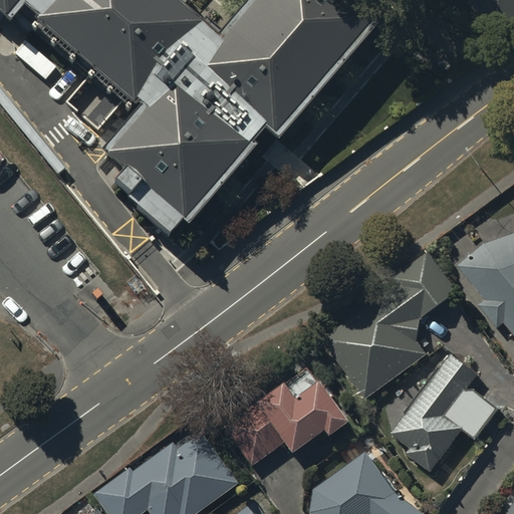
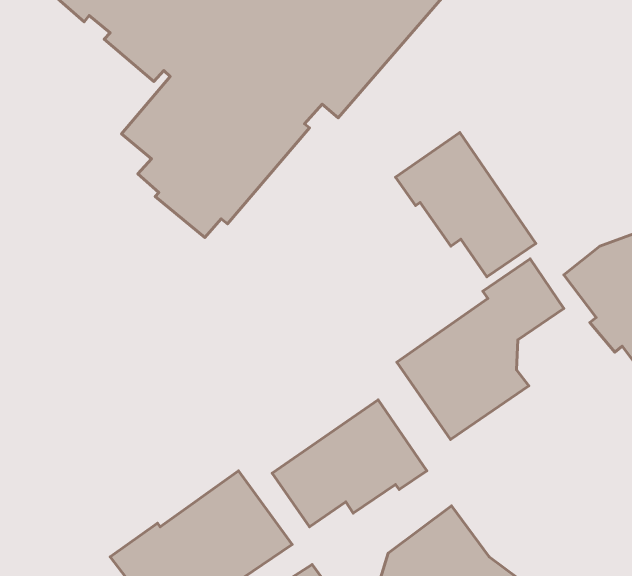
building: none -> [396,133,536,277]
building: [392,355,500,474] -> none

